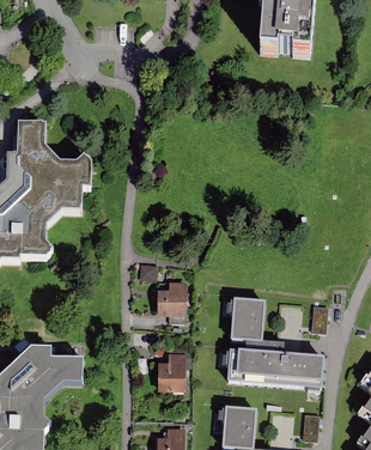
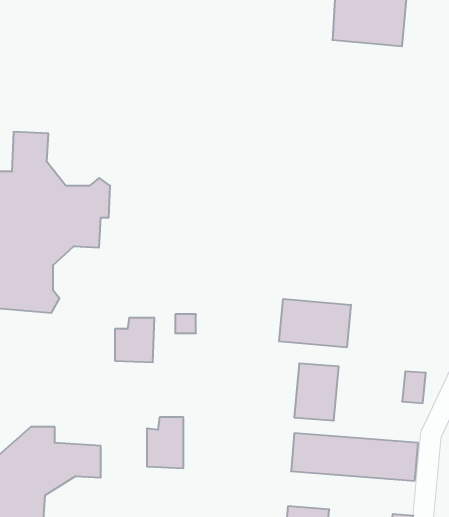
building: none -> [279,299,351,347]
building: [158,280,188,314] -> [115,318,155,362]
building: [159,351,187,389] -> [147,417,183,468]

